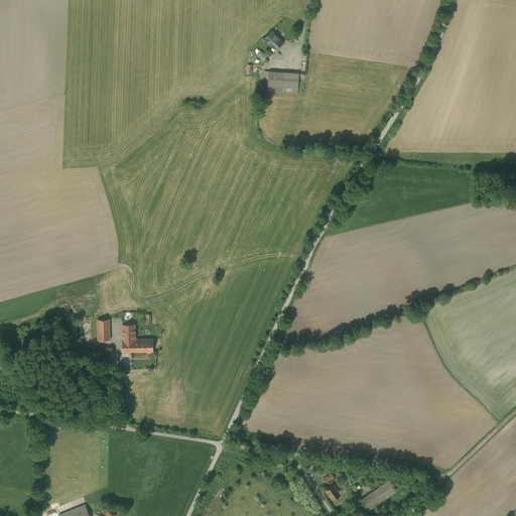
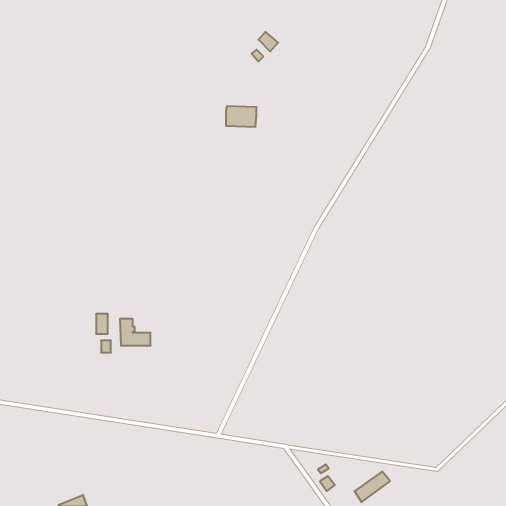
building: [268,72,299,93] -> [226,106,257,127]

